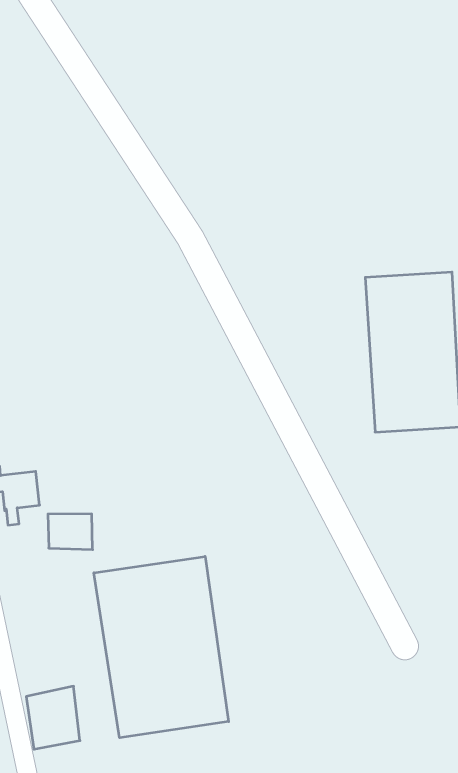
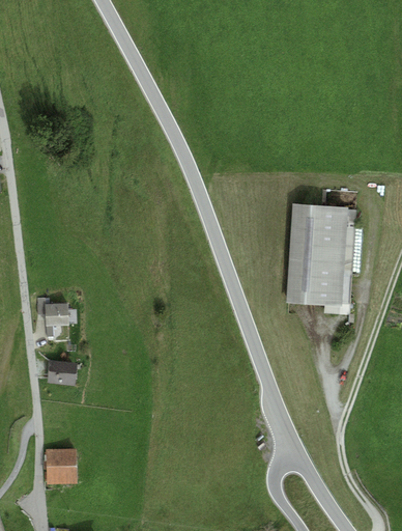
building: [48,514,93,550] -> [48,360,78,386]
building: [94,556,229,738] -> none

